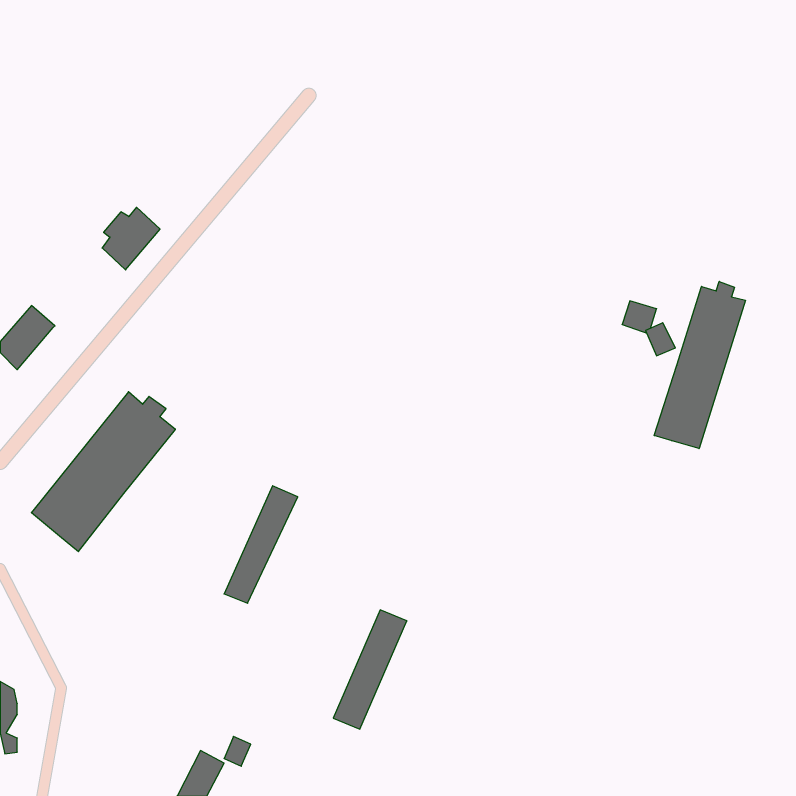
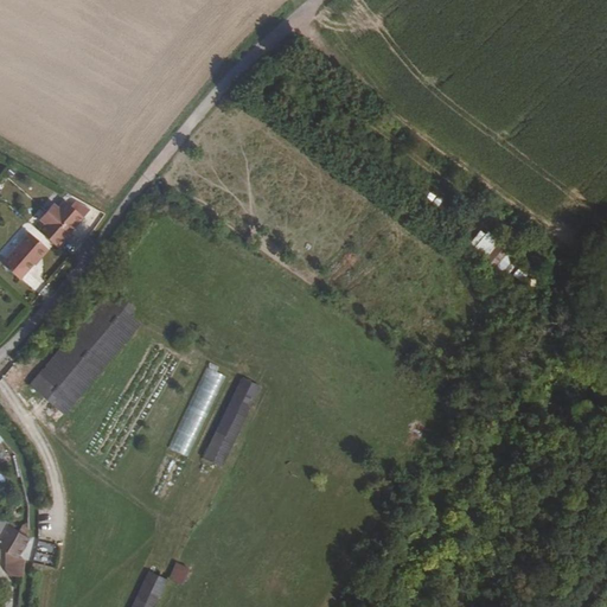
building: [102,207,160,270] -> [38,200,82,248]
building: [654,281,745,449] -> none
building: [333,610,407,729] -> [202,378,257,468]

